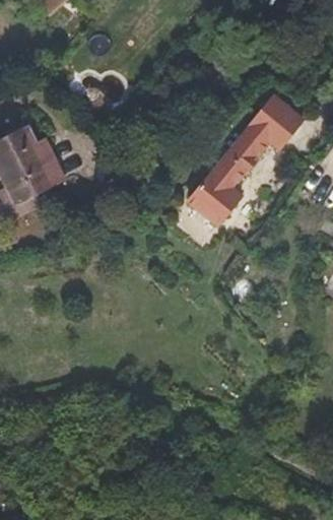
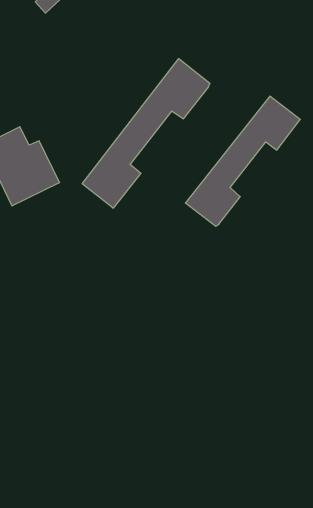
building: none -> [82,59,210,208]

